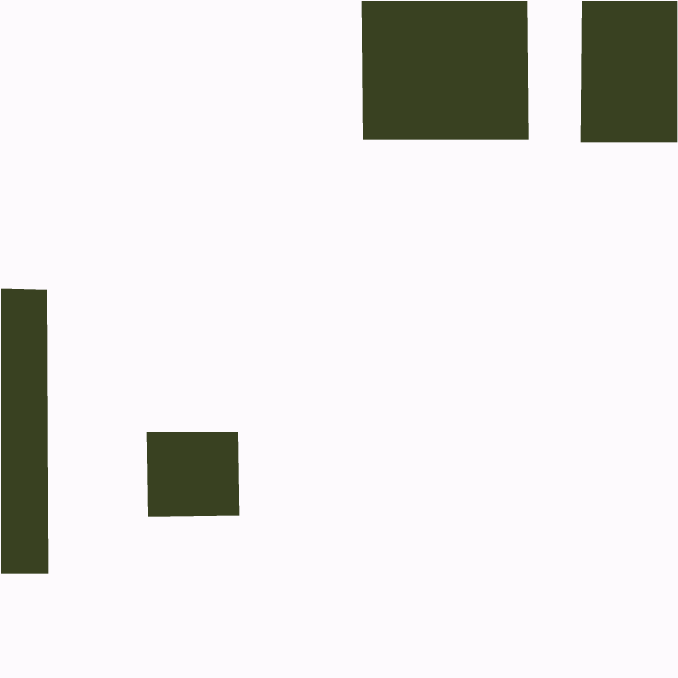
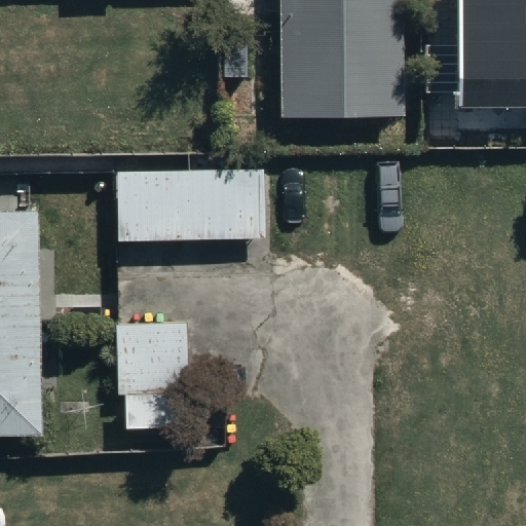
building: none -> [118,170,266,241]

